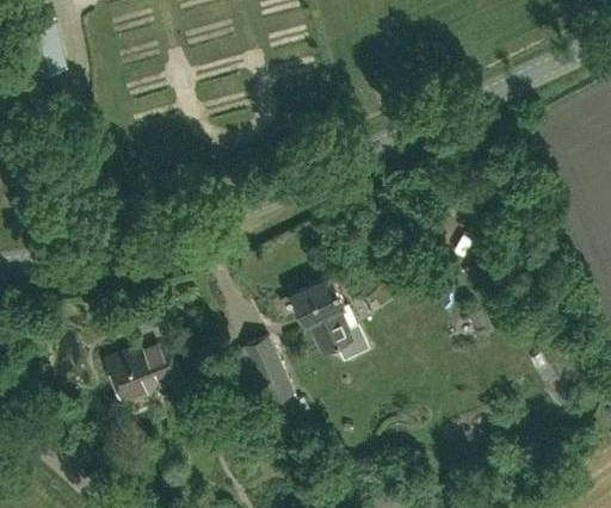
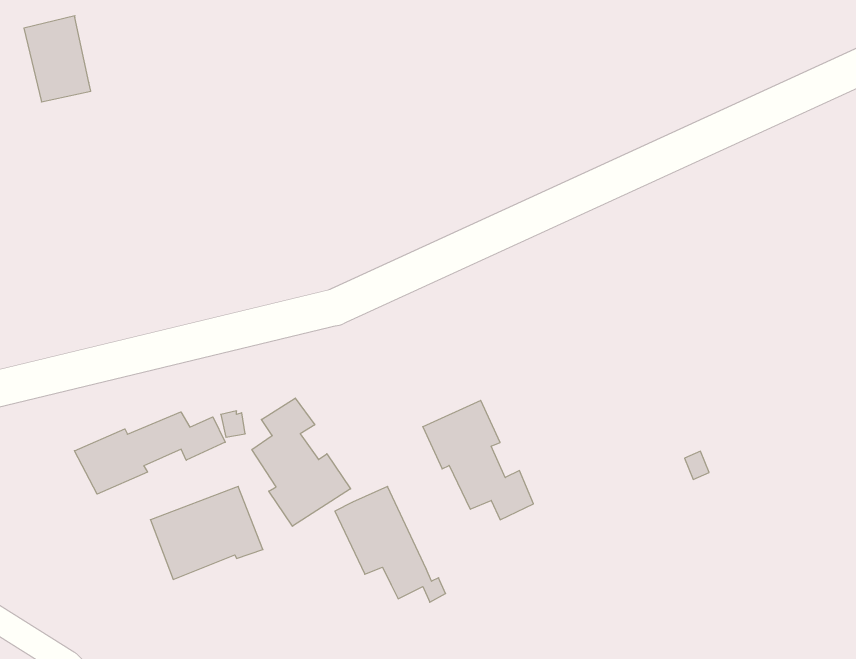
building: none -> [252,398,351,526]
building: none -> [74,412,225,494]

